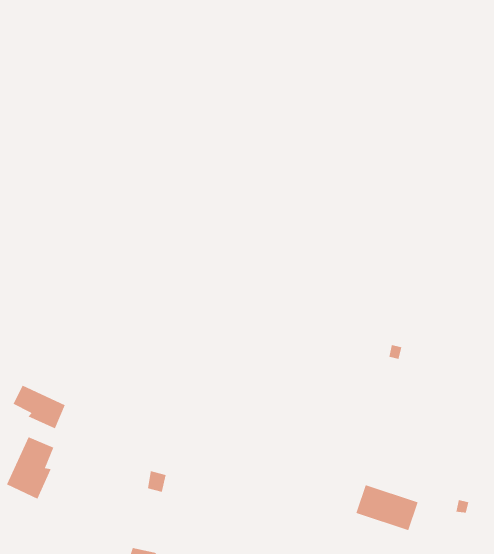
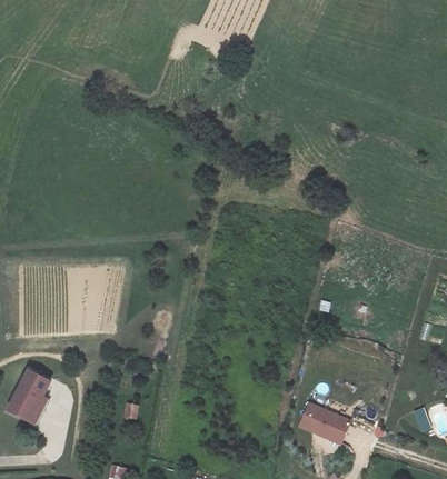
building: [13,385,66,429] -> none

